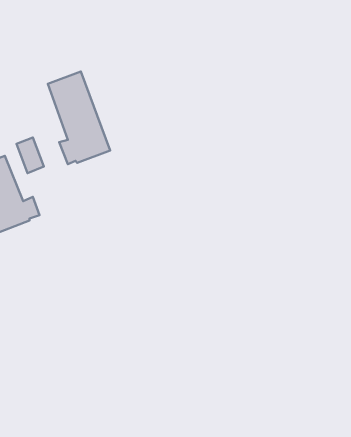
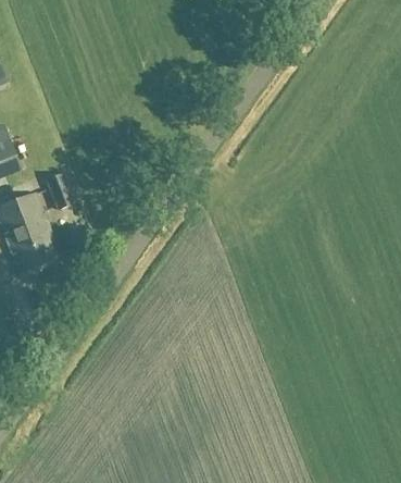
building: [48,71,110,164] -> none

